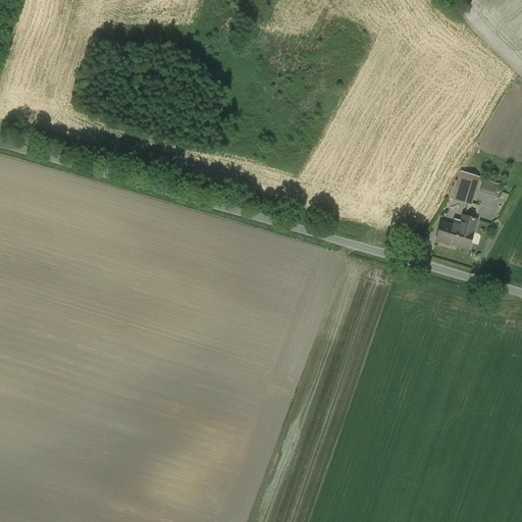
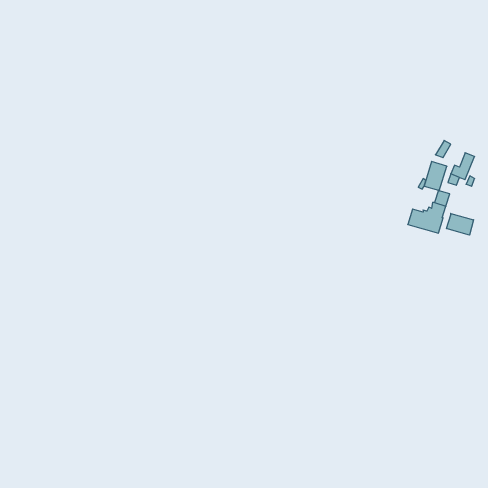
building: none -> [447,213,474,235]

